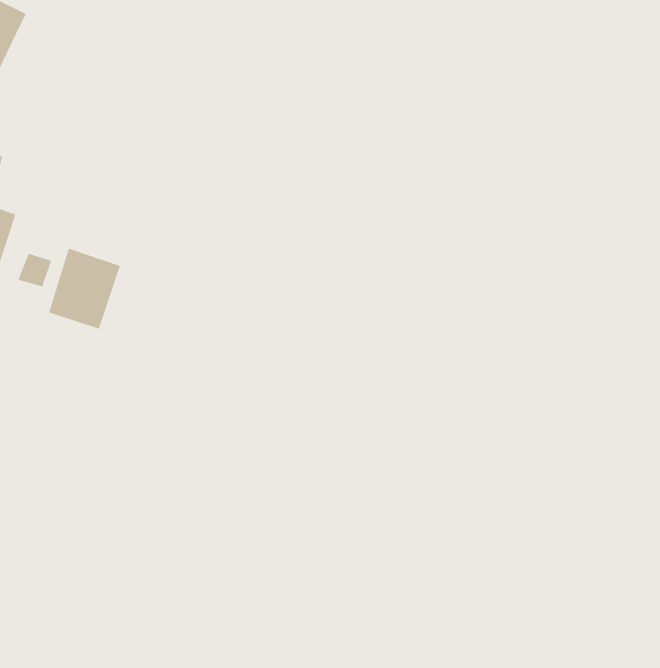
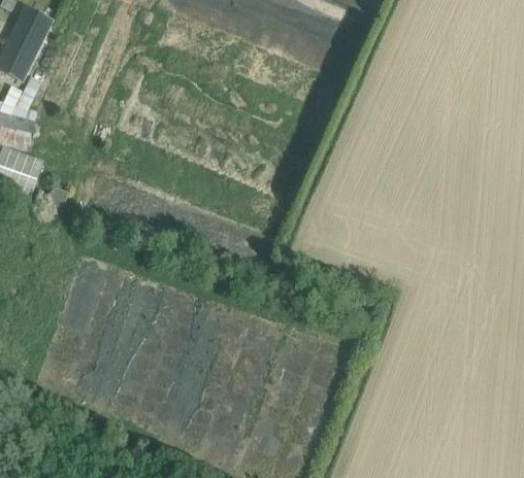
building: [48,248,121,329] -> none

